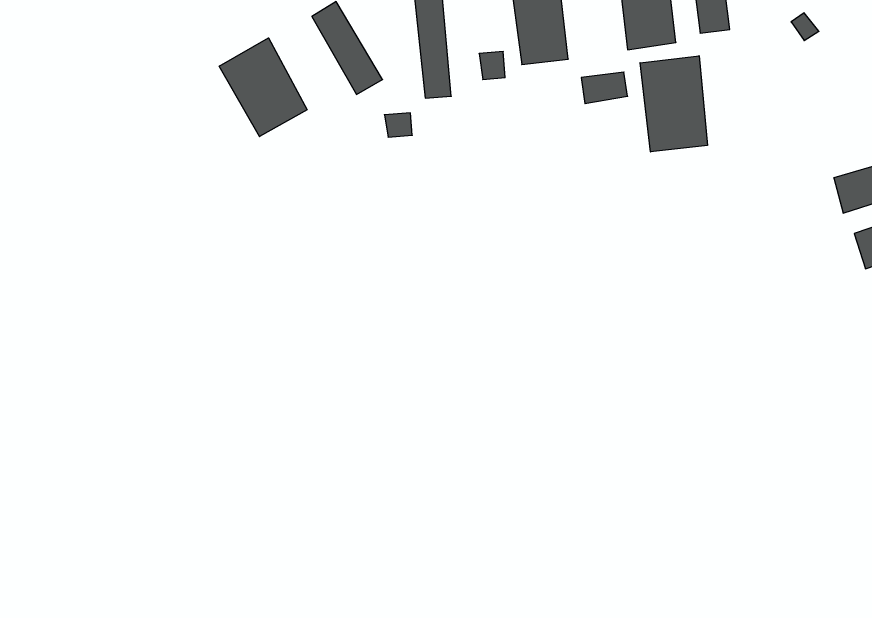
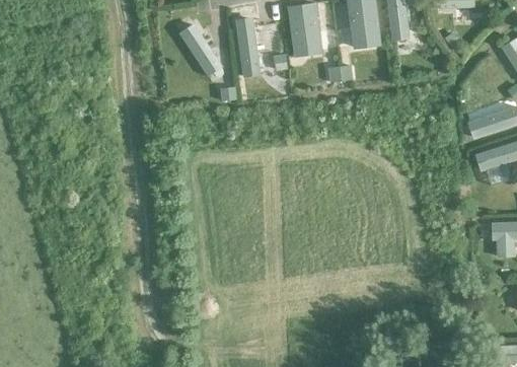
building: [219,38,307,137] -> none
building: [640,56,707,152] -> none

